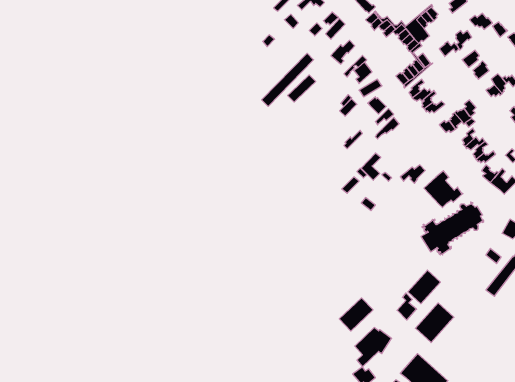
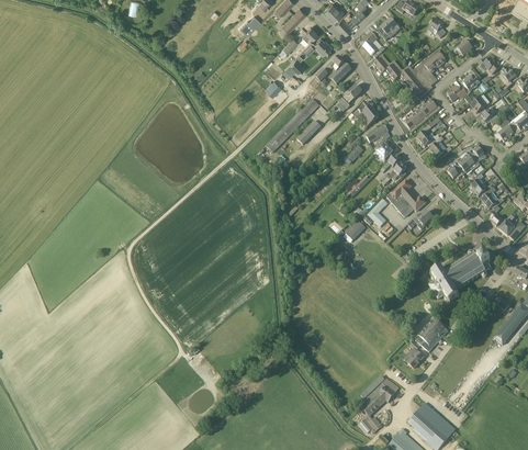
building: [424,171,463,208] -> [386,179,426,216]
building: [339,298,373,331] -> none
building: [415,303,454,343] -> none

